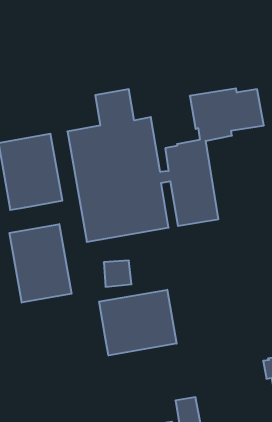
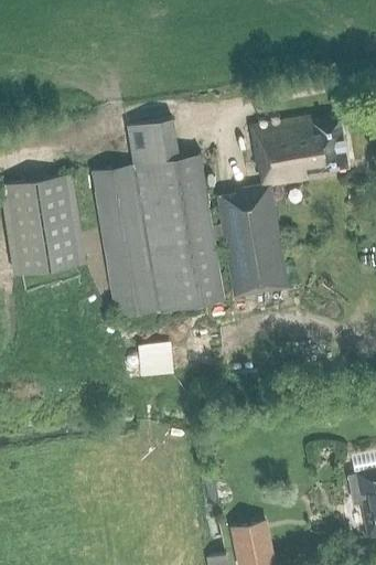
building: [9,224,72,303] -> none
building: [99,290,177,355] -> none

